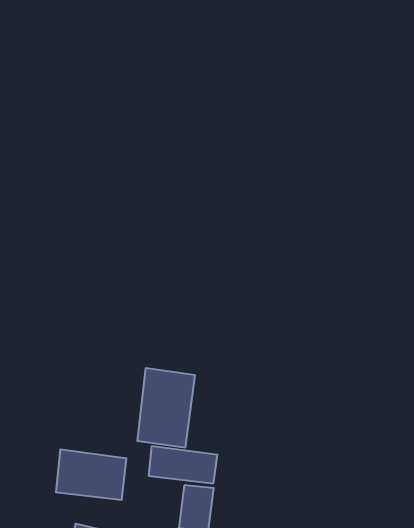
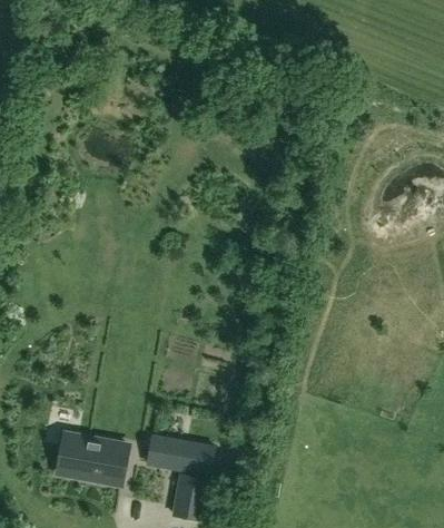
building: [138,368,195,448] -> none

